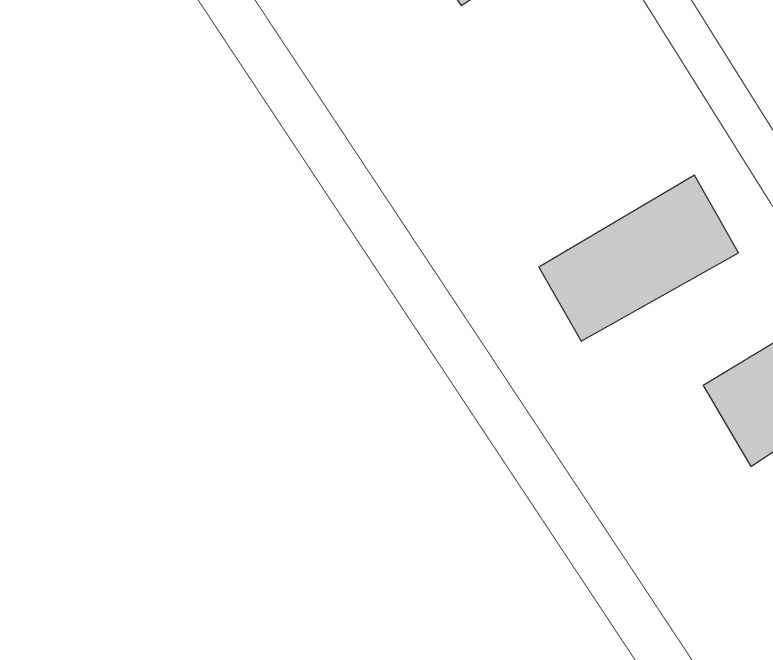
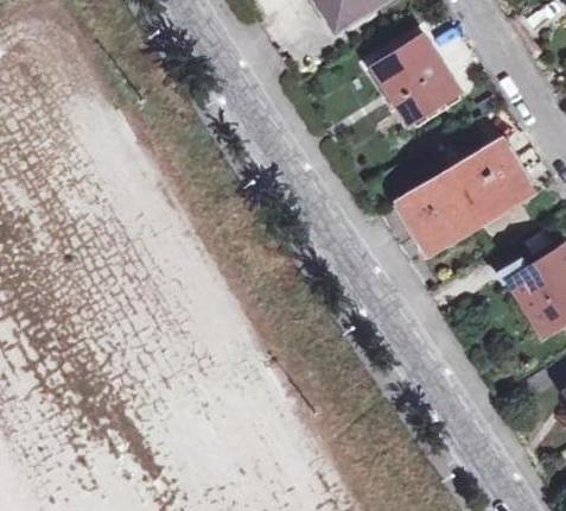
building: none -> [375,38,459,122]

